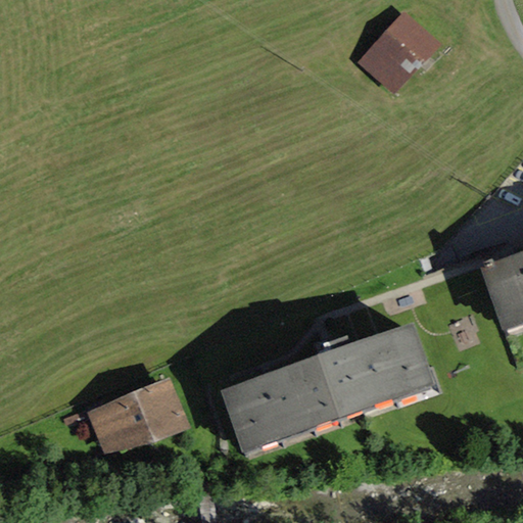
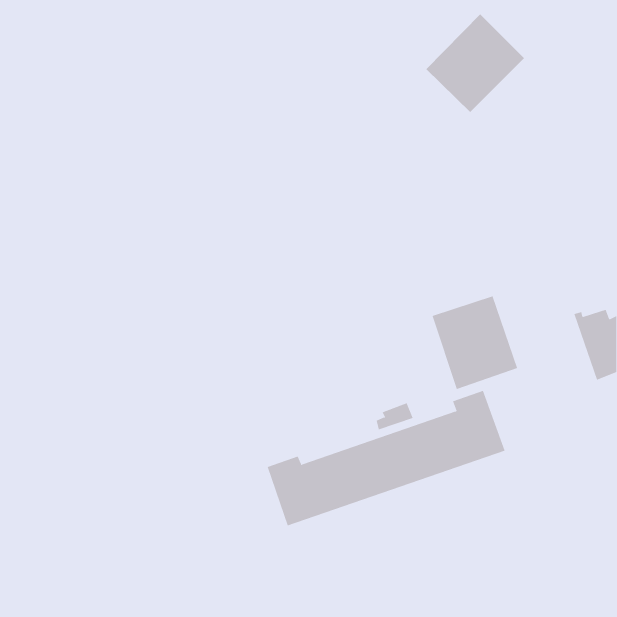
building: none -> [432,295,518,390]
building: [102,387,178,442] -> none

